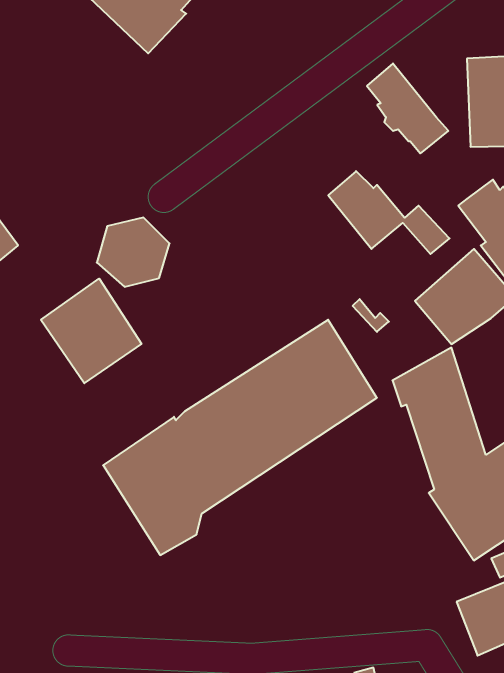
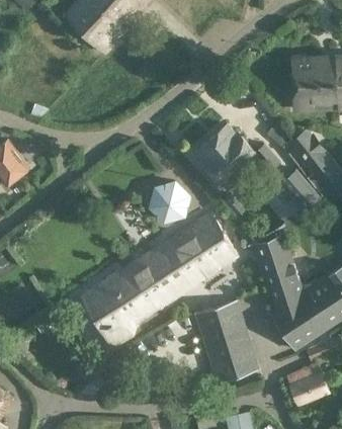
building: [367,63,448,153] -> [195,138,243,190]
building: [97,218,170,287] -> [148,181,190,222]
building: [41,279,141,383] -> none
building: none -> [194,299,260,383]

